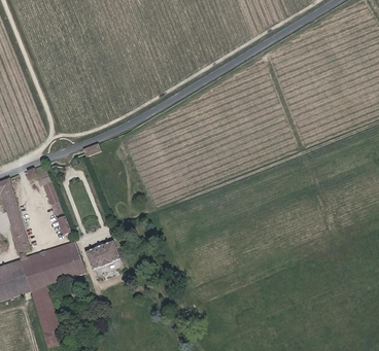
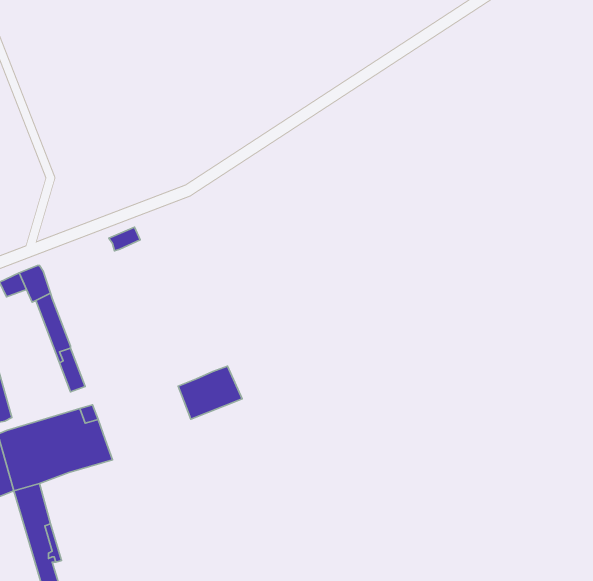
building: [85,242,122,272] -> [178,366,242,419]

